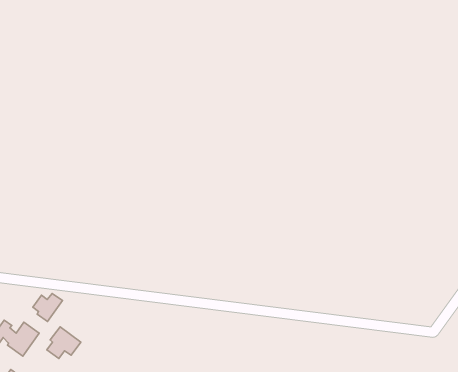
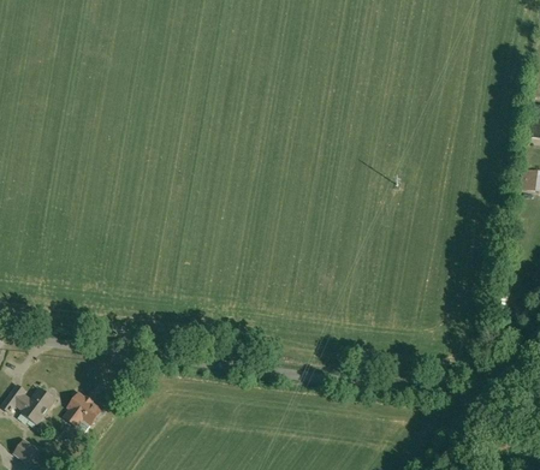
building: [33,293,62,321] -> none

